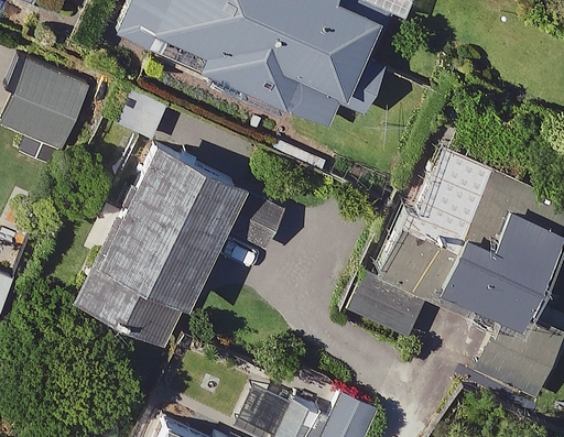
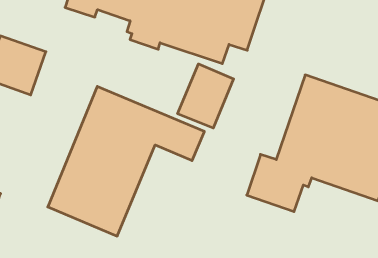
building: none -> [178,64,234,128]

